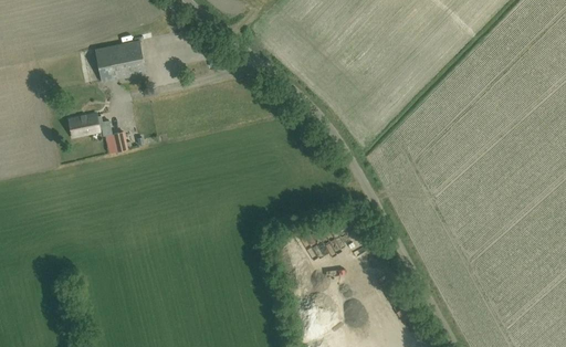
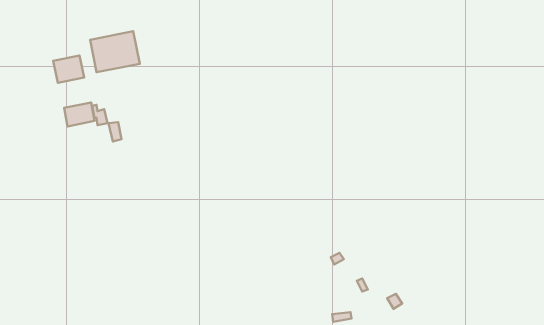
building: none -> [53,55,84,83]

